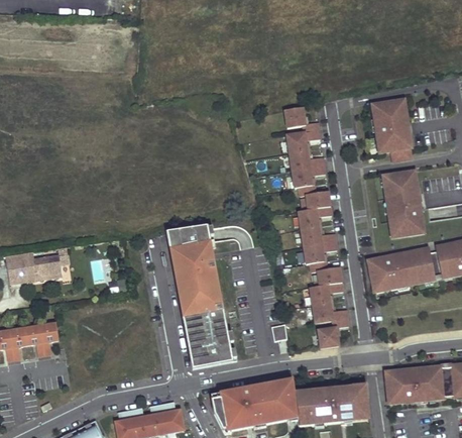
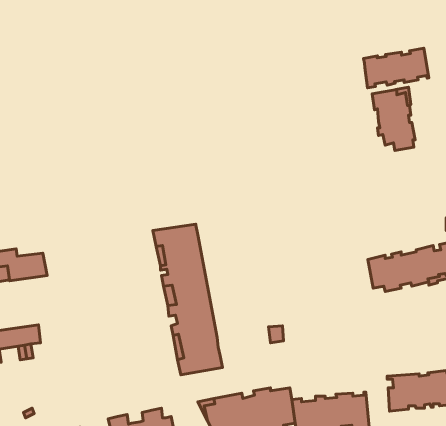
building: none -> [363,48,429,88]
building: [284,107,349,348] -> none
building: [382,171,425,237] -> none

